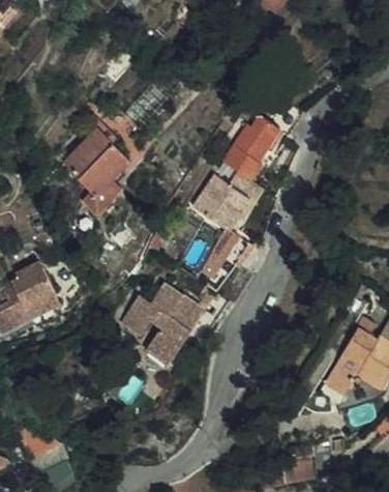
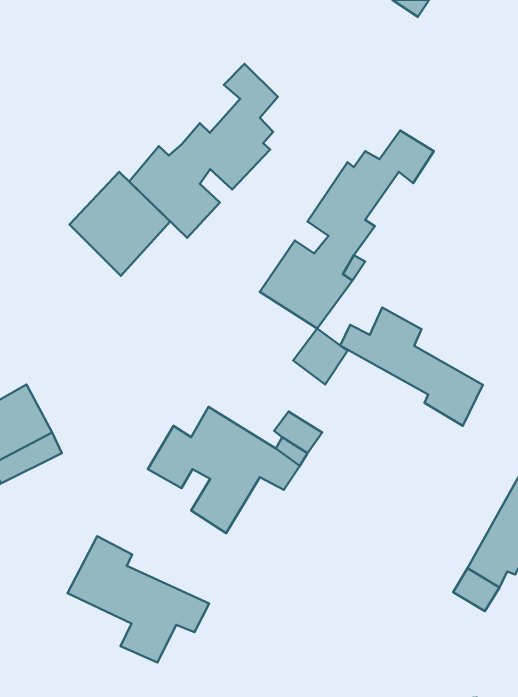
building: none -> [129,64,278,238]
building: none -> [340,307,483,426]
building: none -> [68,536,209,663]

